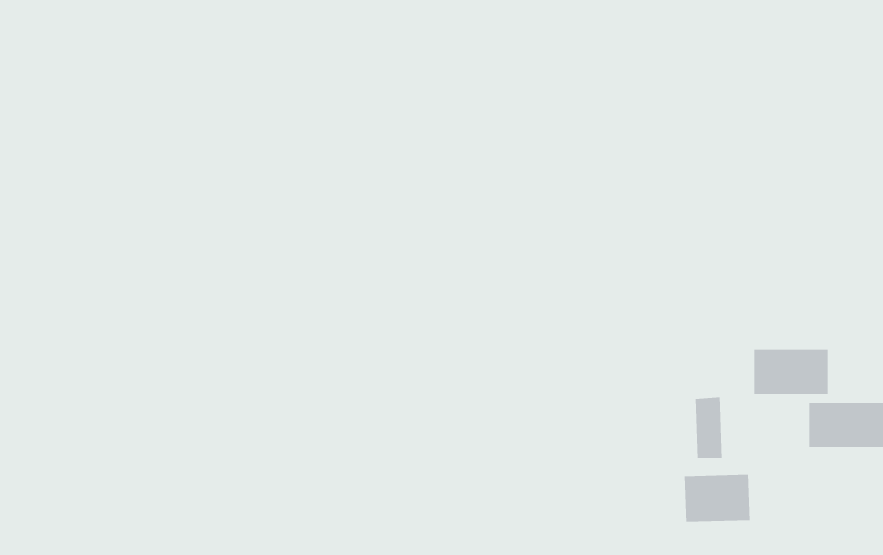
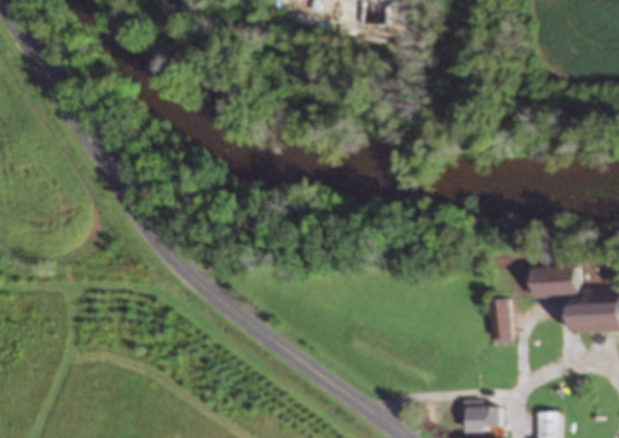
building: [684,474,750,523] -> none

